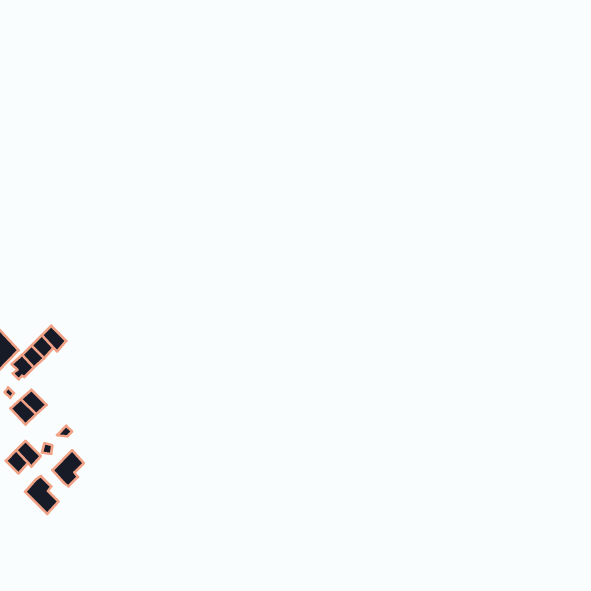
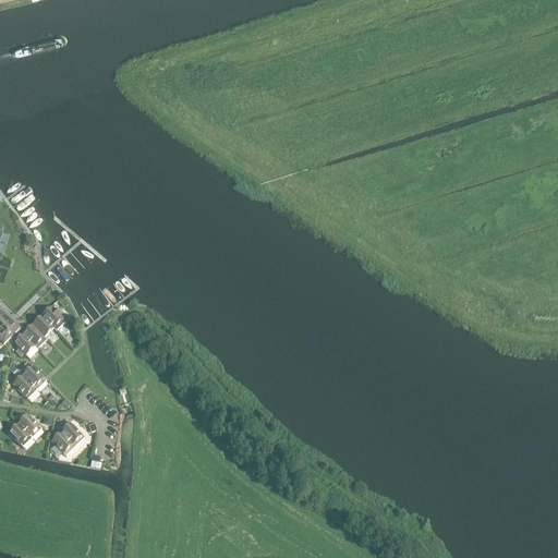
building: [25,476,58,514] -> none

